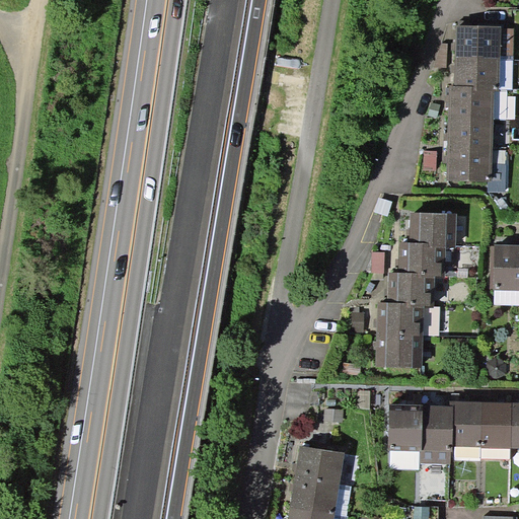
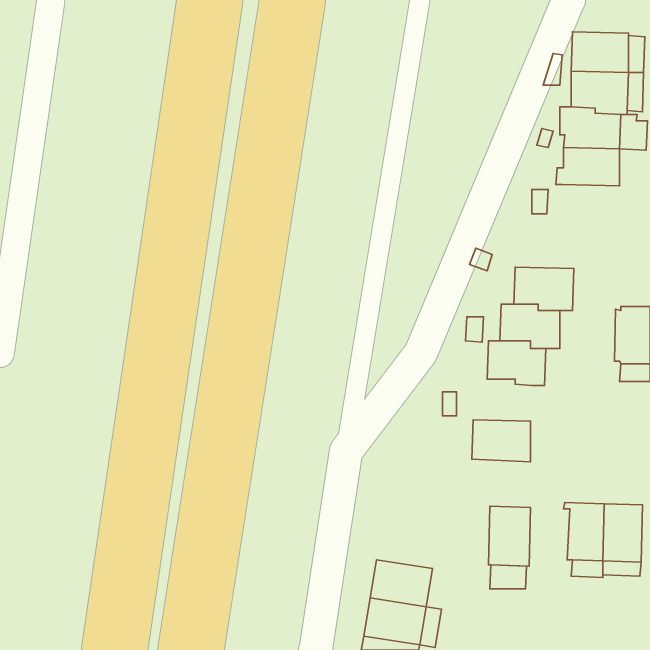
building: [443,147,509,192] -> none
building: [377,301,424,336] -> none
building: [421,404,454,464] -> none

